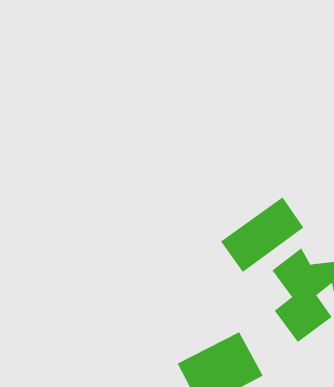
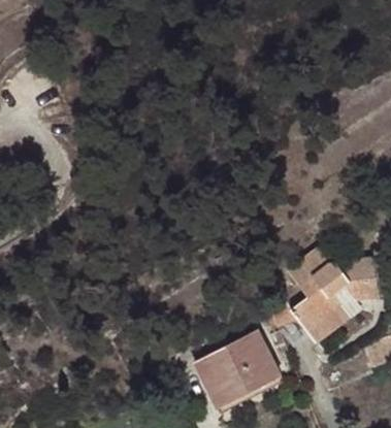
building: [220,196,304,273] -> none

